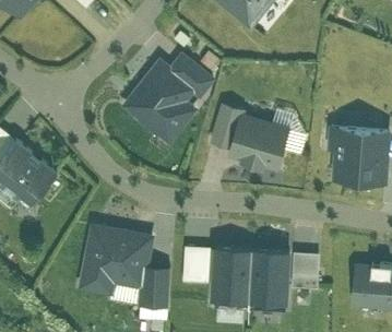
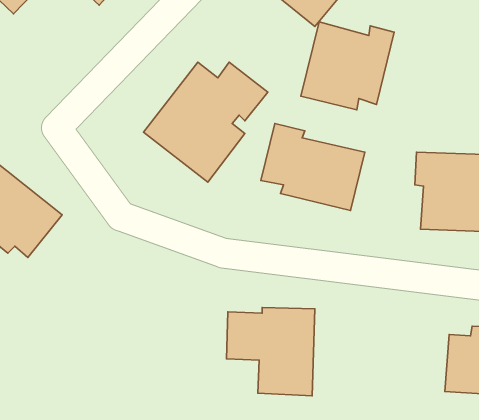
building: none -> [301,22,394,110]
building: [82,225,171,308] -> none
building: [250,245,320,312] -> none

